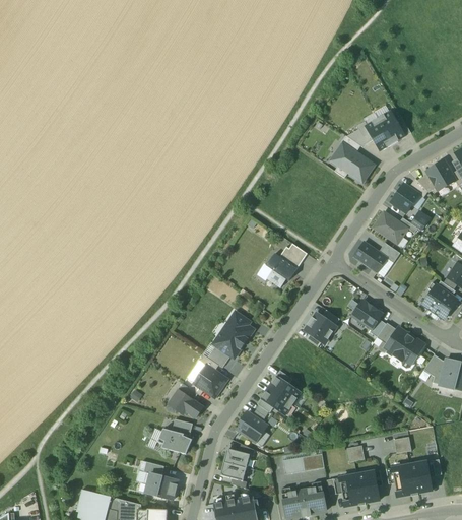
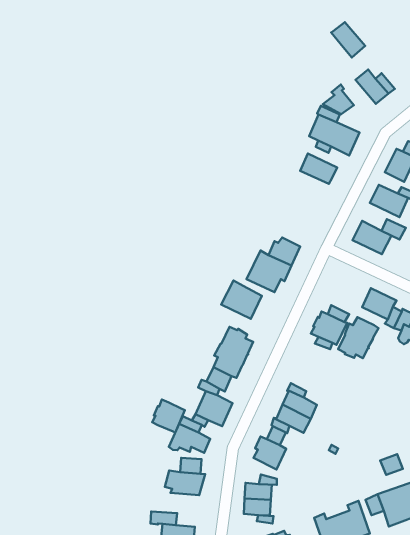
building: [365,119,392,150] -> [331,22,365,58]
building: none -> [300,154,337,184]
building: none -> [221,281,262,319]
building: none -> [338,317,378,358]
building: none -> [152,399,185,433]
building: [282,454,324,474] -> none

